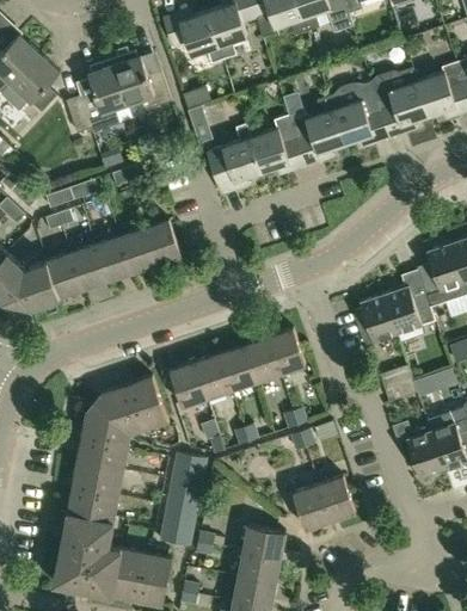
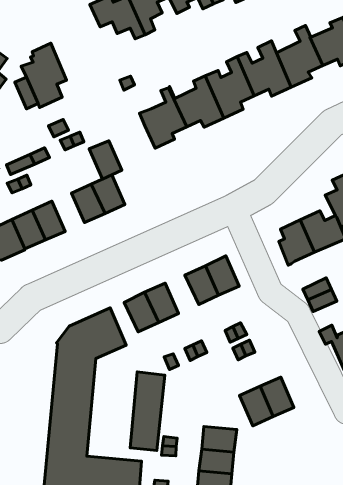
building: [112,51,171,110] -> none
building: [96,236,131,280] -> [89,141,122,179]
building: [219,345,256,389] -> none

